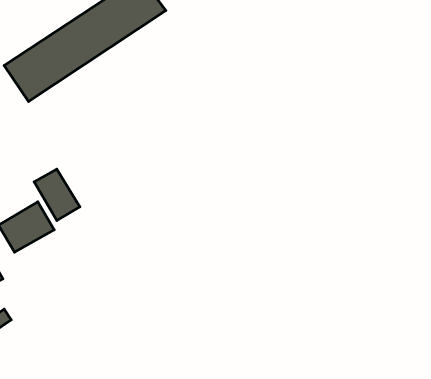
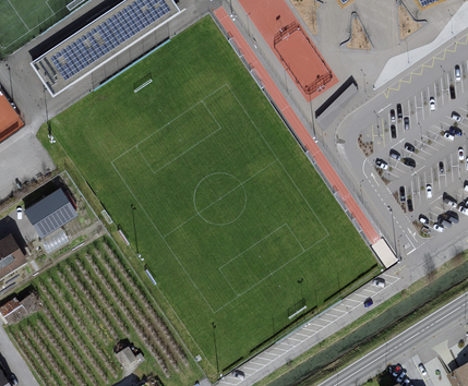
building: [34,169,80,221] -> none

